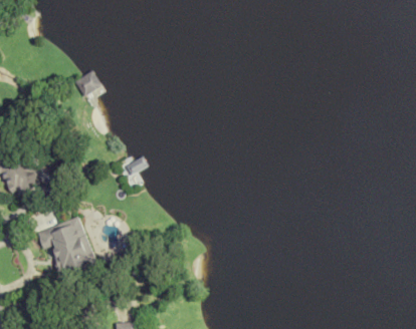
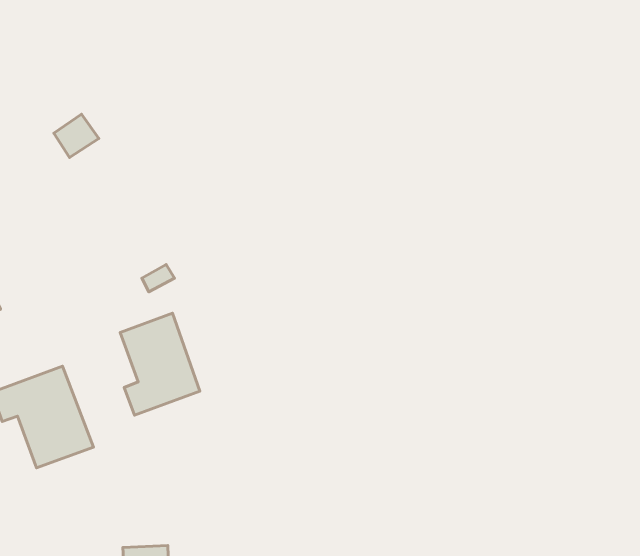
building: none -> [120,313,200,415]

